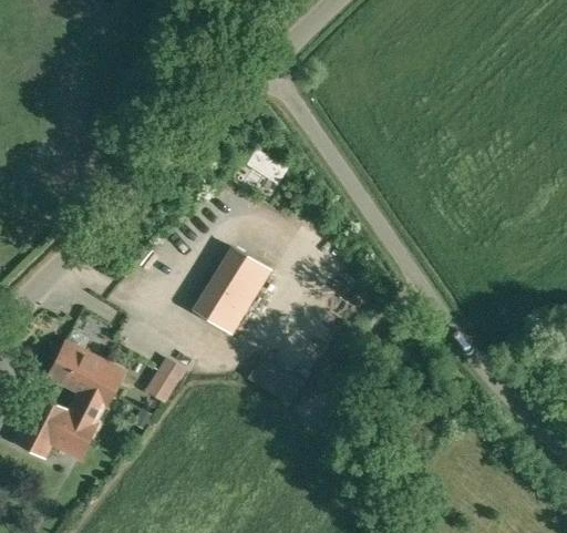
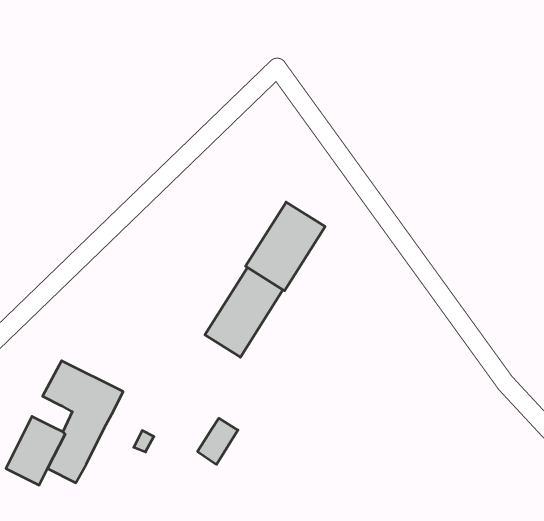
building: none -> [246,202,325,291]
building: [146,357,184,400] -> [198,418,238,464]

